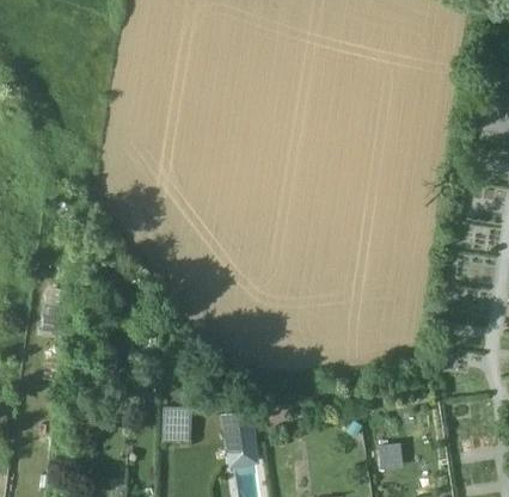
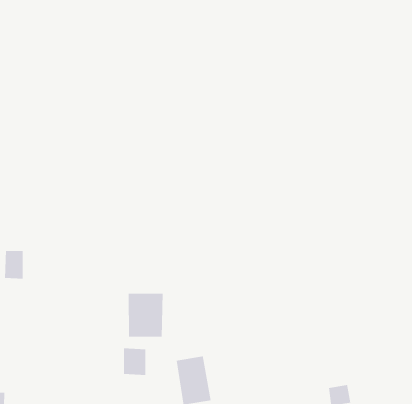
building: none -> [128,293,163,338]

